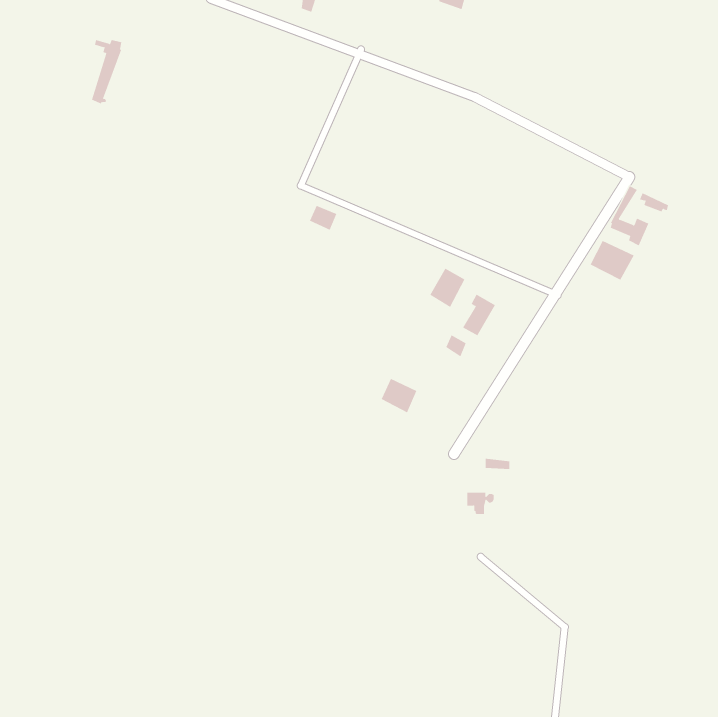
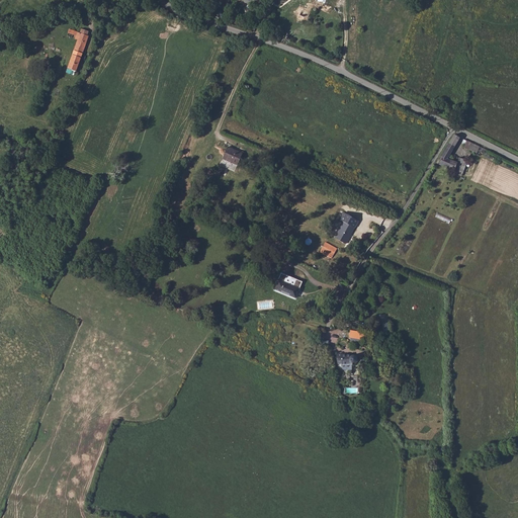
building: [590,240,635,281] -> none
building: [430,268,465,308] -> none

